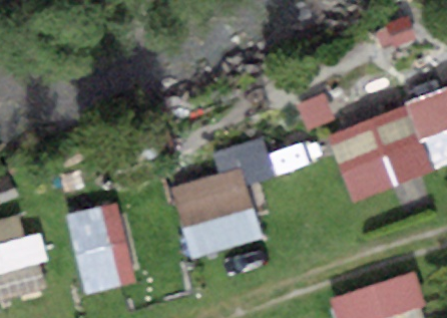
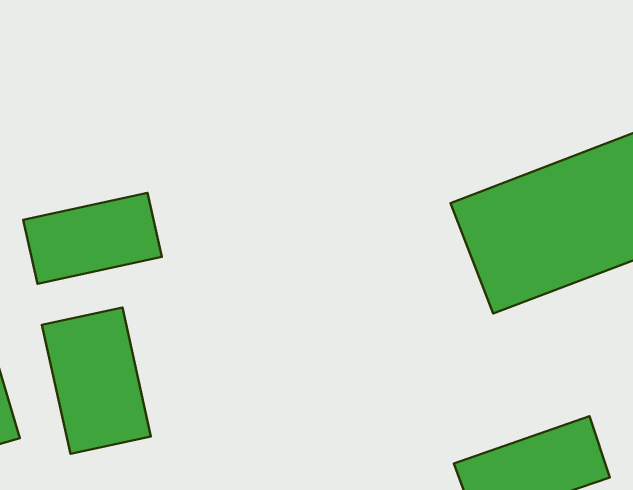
building: none -> [23,193,162,284]
building: [168,137,273,259] -> none

